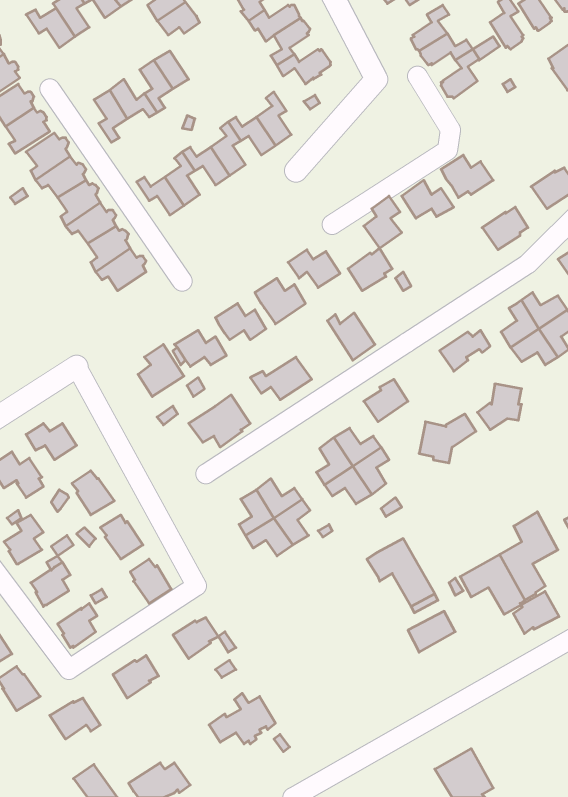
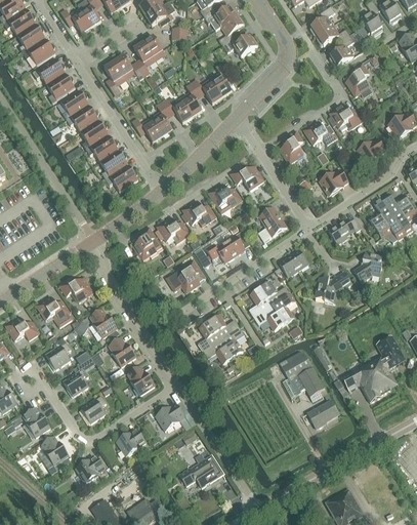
building: none -> [345,63,369,96]
building: [348,248,392,291] -> [319,168,347,196]
building: [513,591,559,634] -> none

